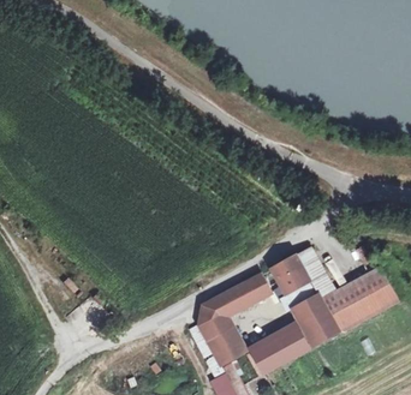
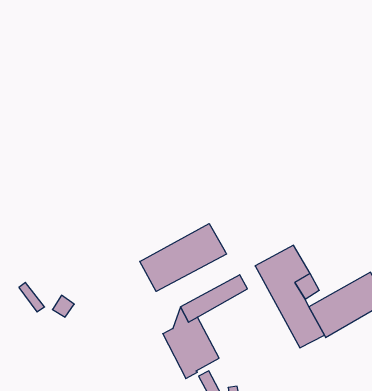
building: none -> [140,224,227,291]
building: [245,329,304,375] -> none

